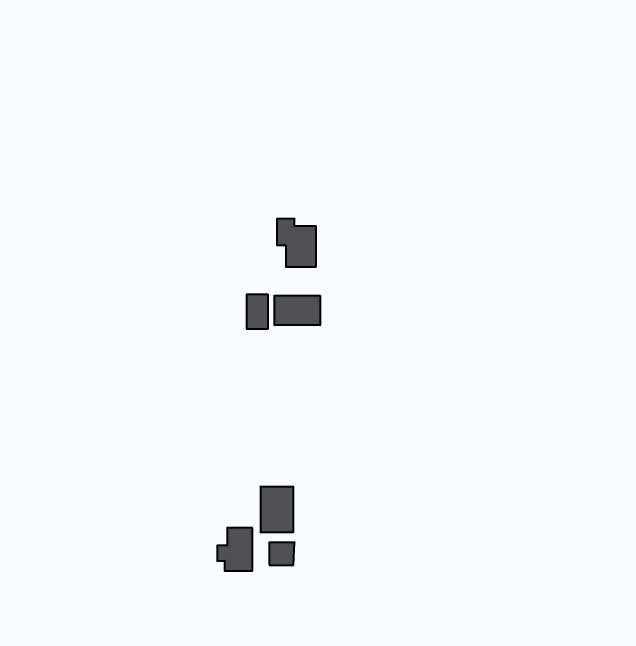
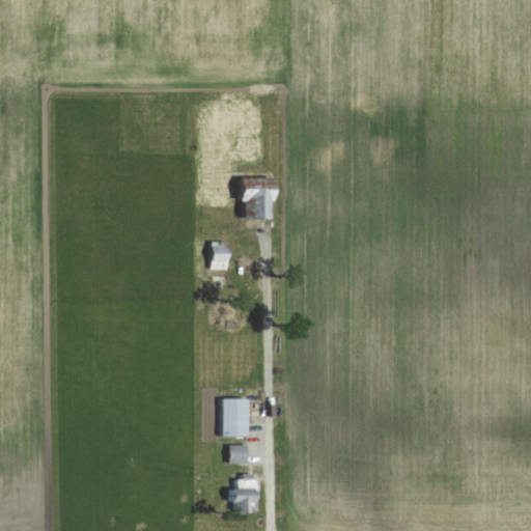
building: [274,296,320,325] -> none
building: [217,528,252,571] -> [228,476,257,511]

